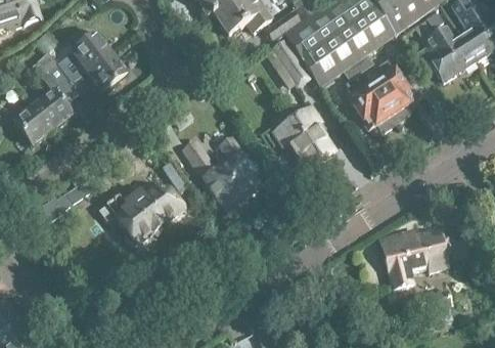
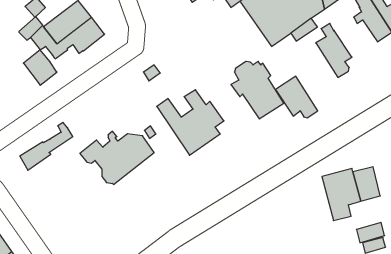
building: [266,39,311,89] -> none
building: [349,82,398,130] -> [275,76,318,118]
building: [13,105,53,146] -> none

